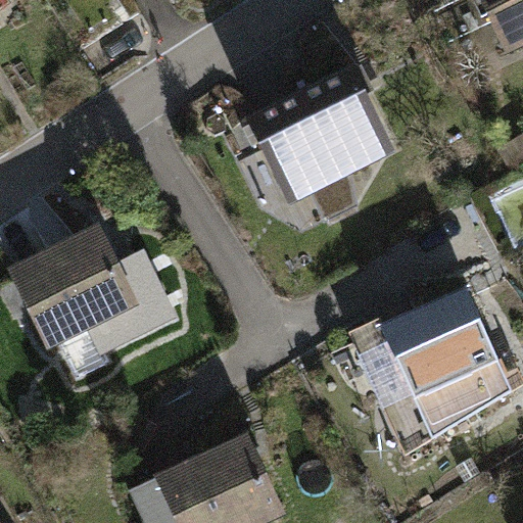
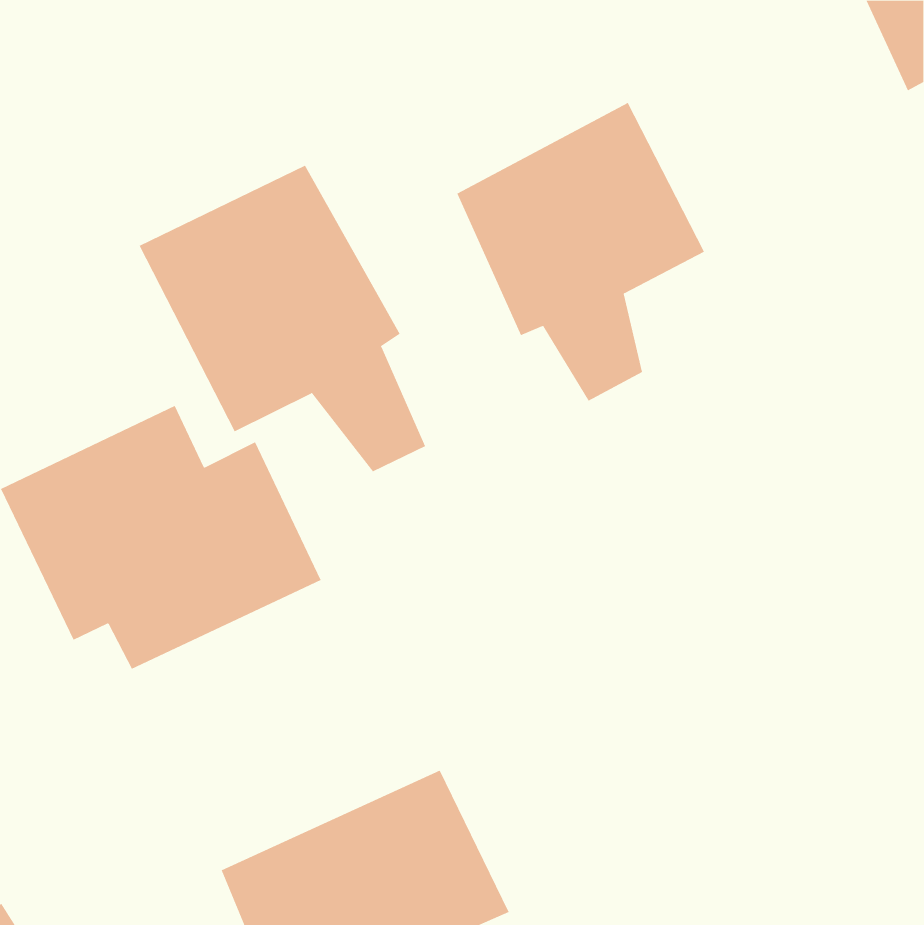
building: none -> [139,165,426,472]
building: [374,286,505,409] -> none

